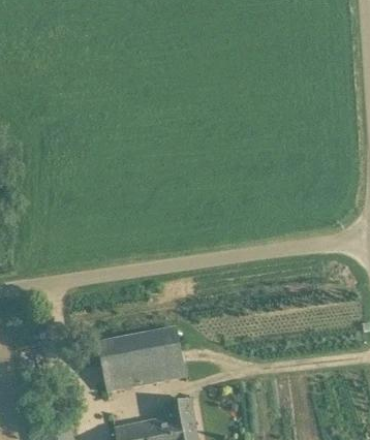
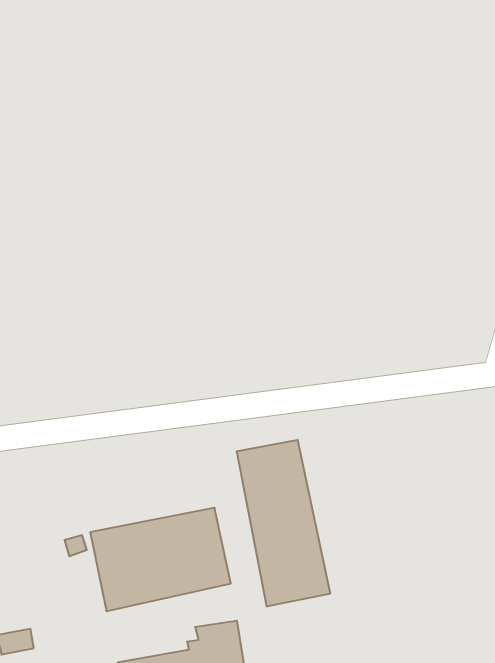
building: none -> [237,440,330,607]

